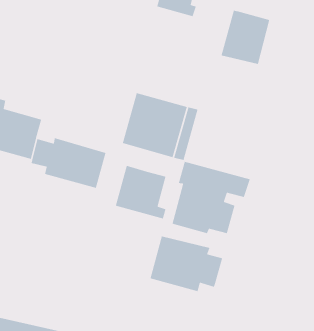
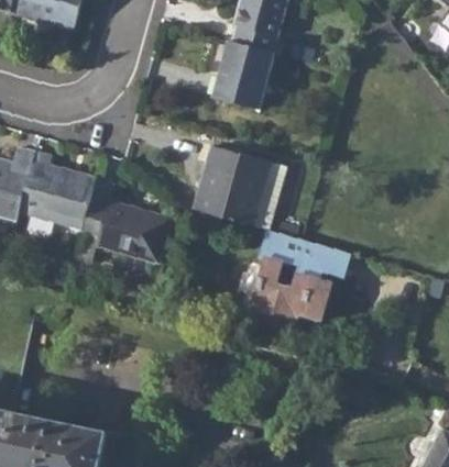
building: [220,10,270,65] -> [213,42,274,109]
building: [115,165,166,220] -> none
building: [149,235,223,292] -> none

